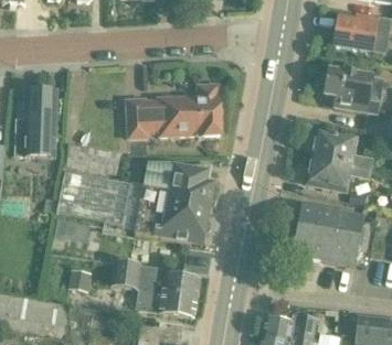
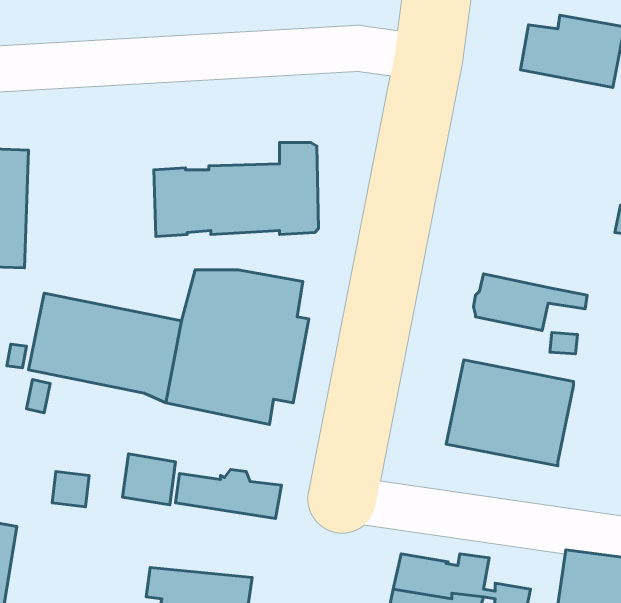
building: [325,67,380,112] -> none
building: [312,130,374,170] -> none
building: [137,287,195,316] -> none

